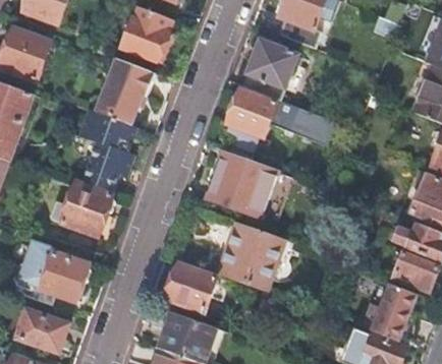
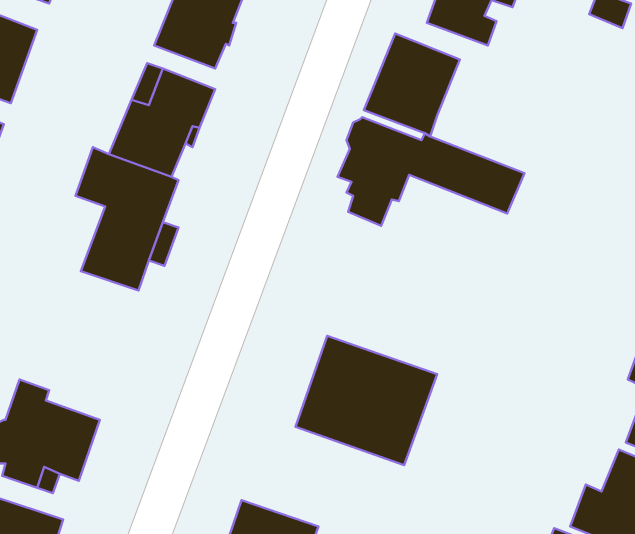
building: [206,153,277,217] -> none
building: [61,181,112,234] -> none
building: [166,262,217,310] -> none

